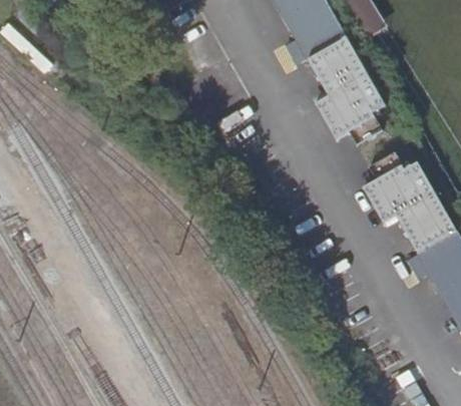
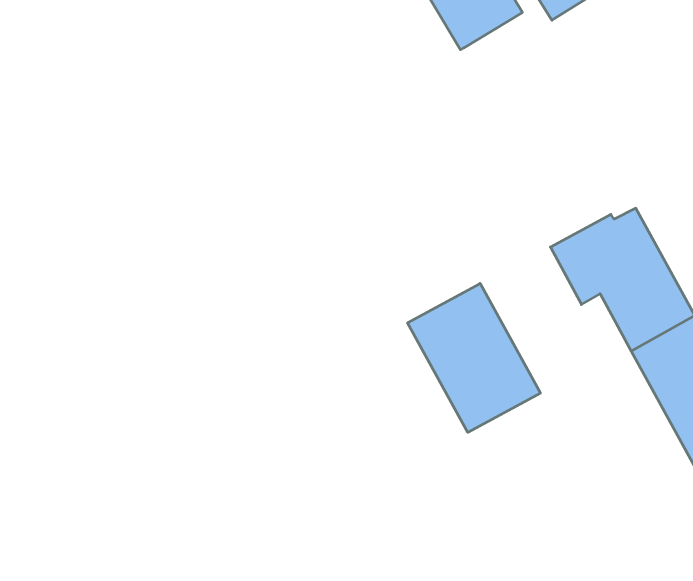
building: [307,33,383,136] -> none
building: none -> [408,283,540,432]

